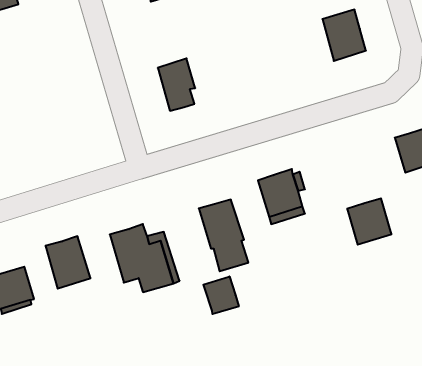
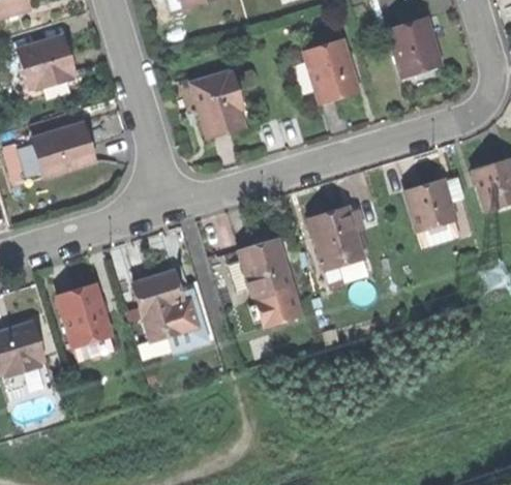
building: none -> [17,34,77,86]
building: none -> [303,40,355,101]
building: none -> [14,122,96,181]
building: [347,198,392,245] -> [404,177,457,232]
building: [203,276,239,314] -> none

